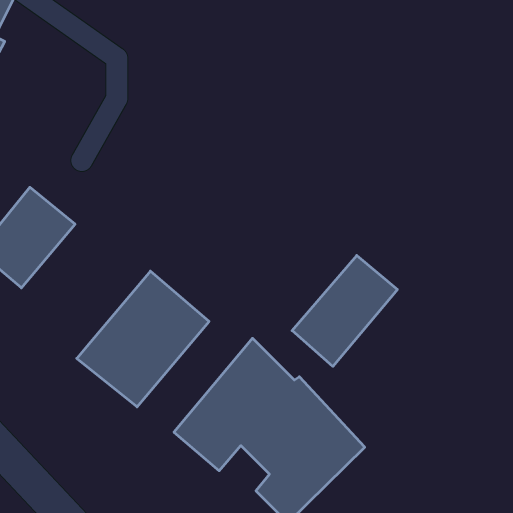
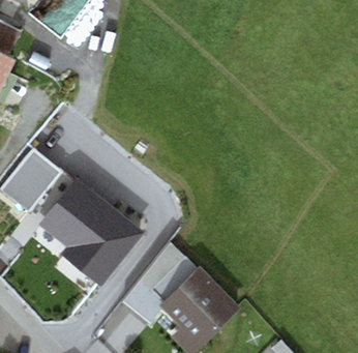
building: none -> [38,177,107,247]
building: [292,255,397,366] -> none

